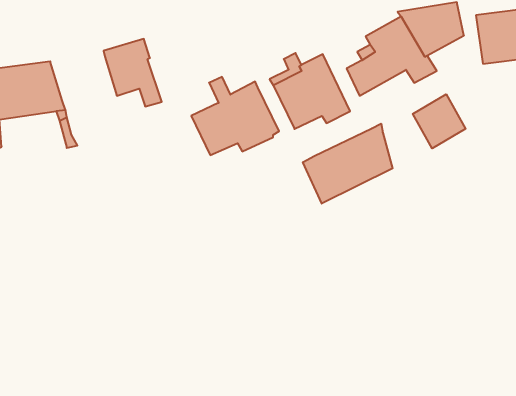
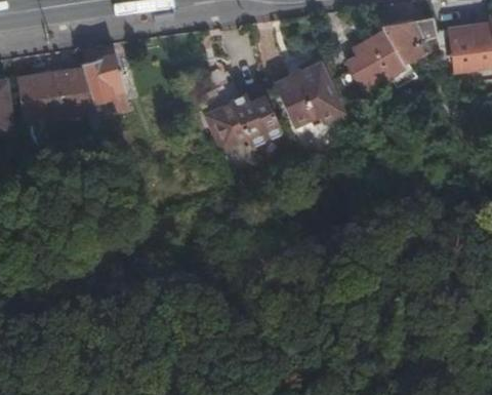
building: [104,39,162,106] -> [80,53,130,112]
building: [413,94,466,148] -> none
building: [303,124,393,204] -> none

